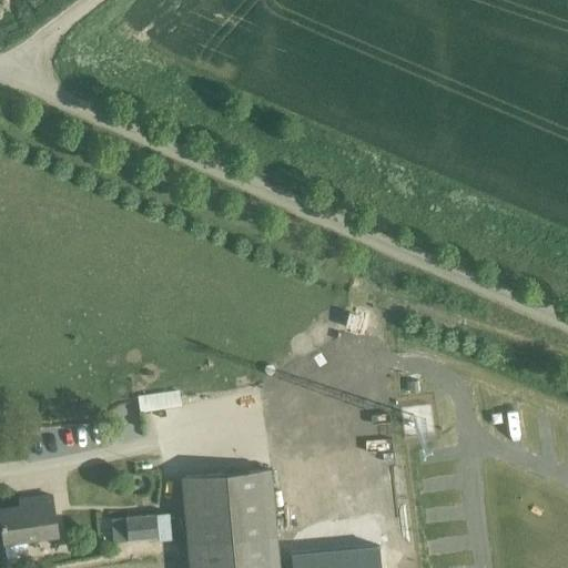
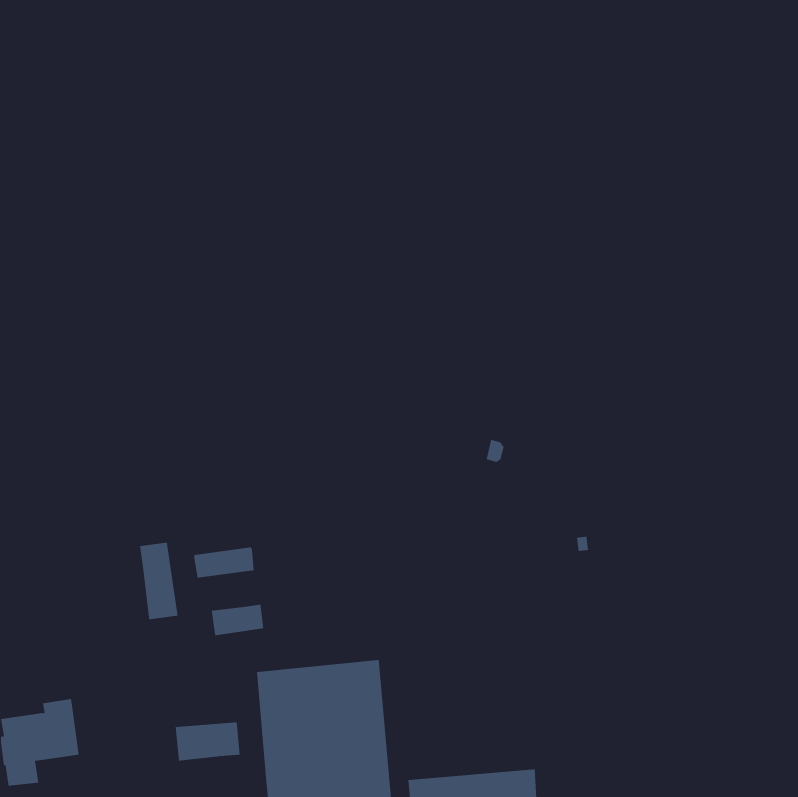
building: none -> [139,542,178,620]
building: none -> [211,604,264,636]

